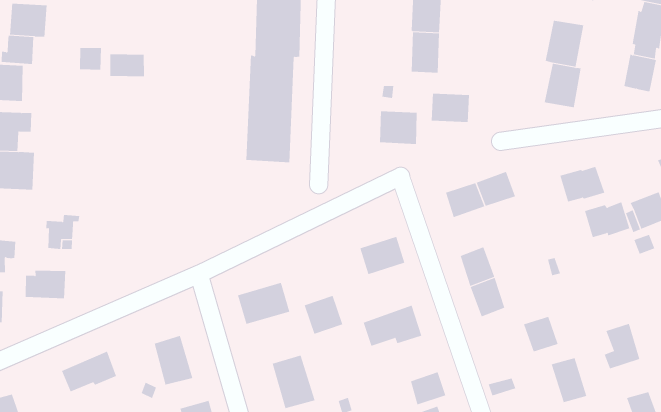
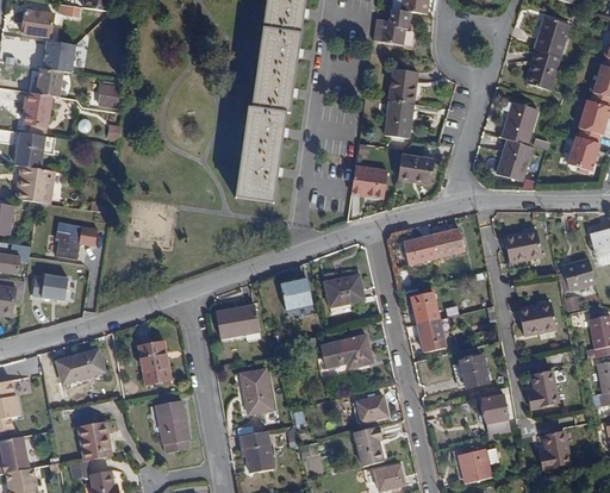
building: [110,53,144,77] -> none
building: [584,202,630,238] -> [518,305,556,333]
building: [304,295,343,334] -> [280,279,312,311]

